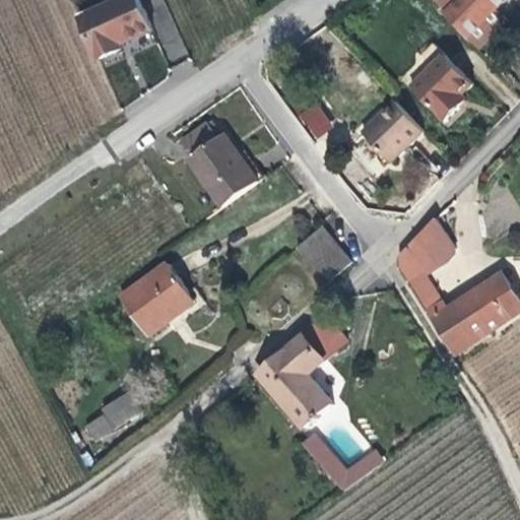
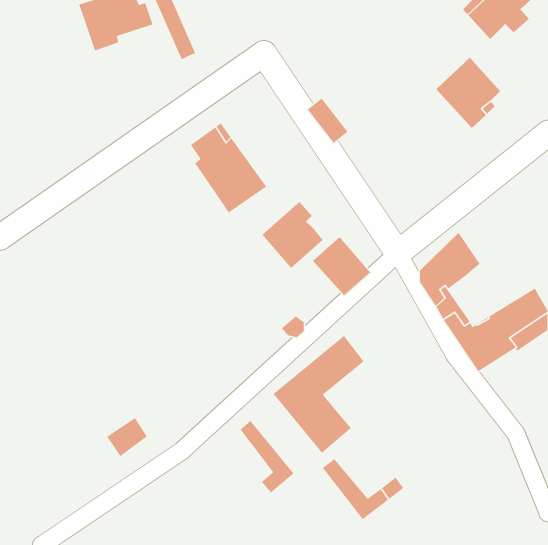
building: [362,102,422,161] -> none
building: none -> [261,201,323,269]
building: [118,259,190,329] -> none
building: none -> [239,420,295,493]

